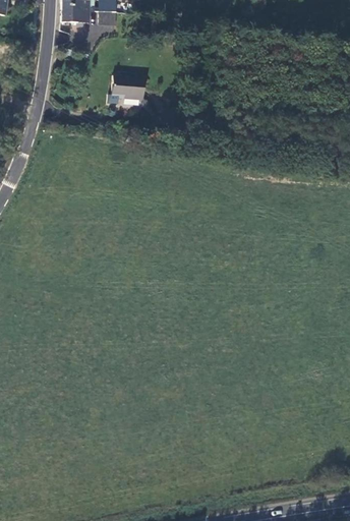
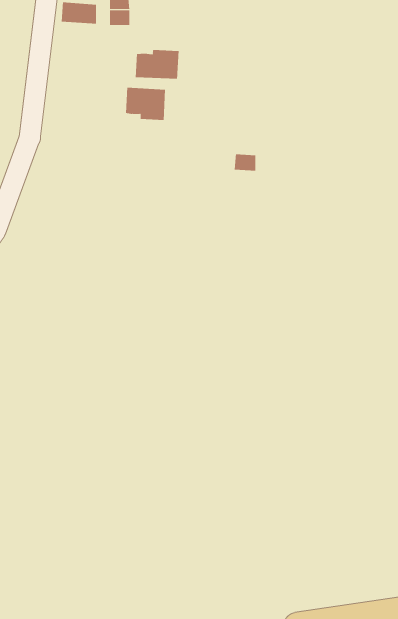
building: none -> [135,49,179,79]

